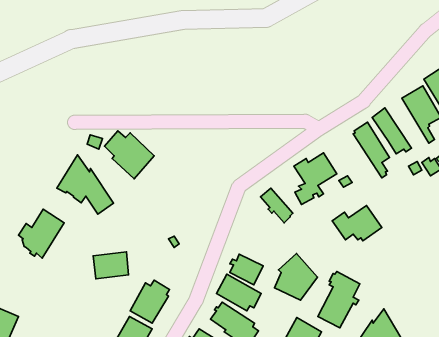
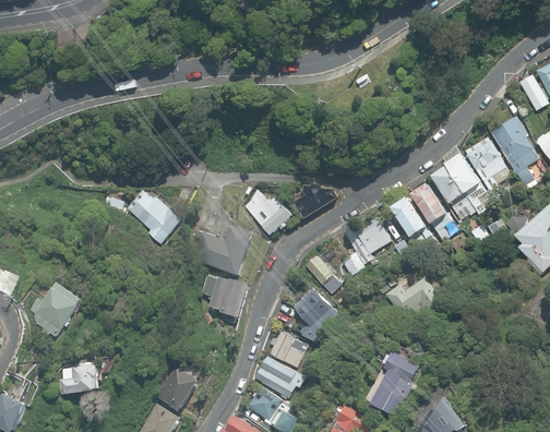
building: none -> [442,145,489,211]
building: none -> [294,184,338,219]
building: none -> [243,189,292,235]
building: none -> [391,197,431,254]
building: [57,155,113,214] -> none
building: none -> [193,225,254,275]
building: none -> [201,275,251,317]
building: [93,252,128,279] -> [59,363,99,394]
building: [275,253,318,300] -> [288,288,337,341]

